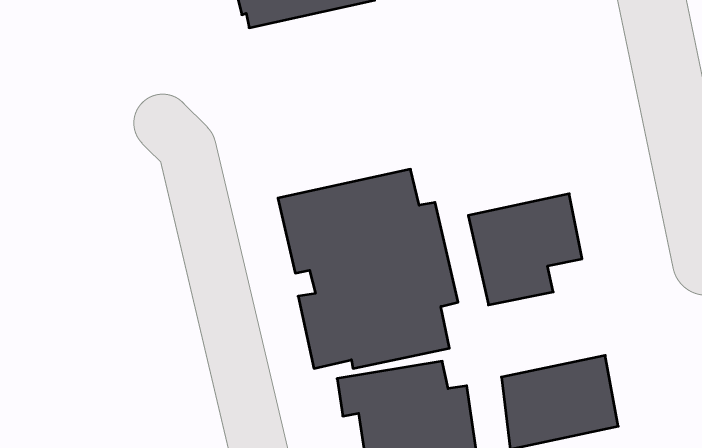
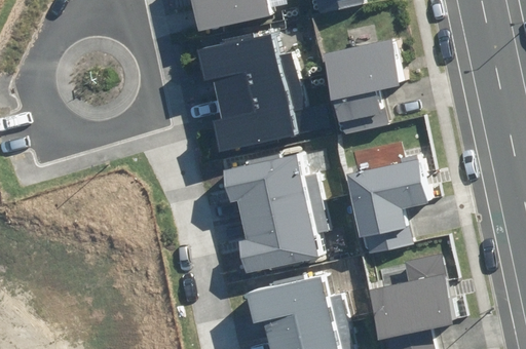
building: none -> [190,35,288,153]
building: none -> [323,37,402,134]

